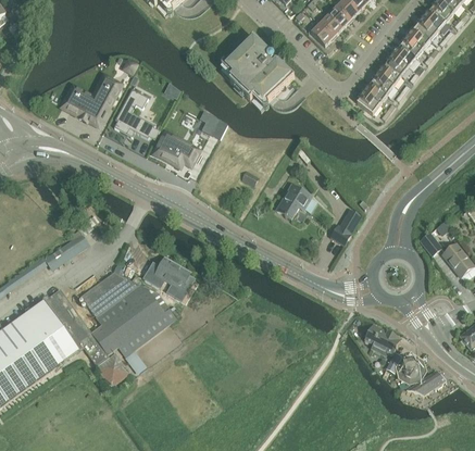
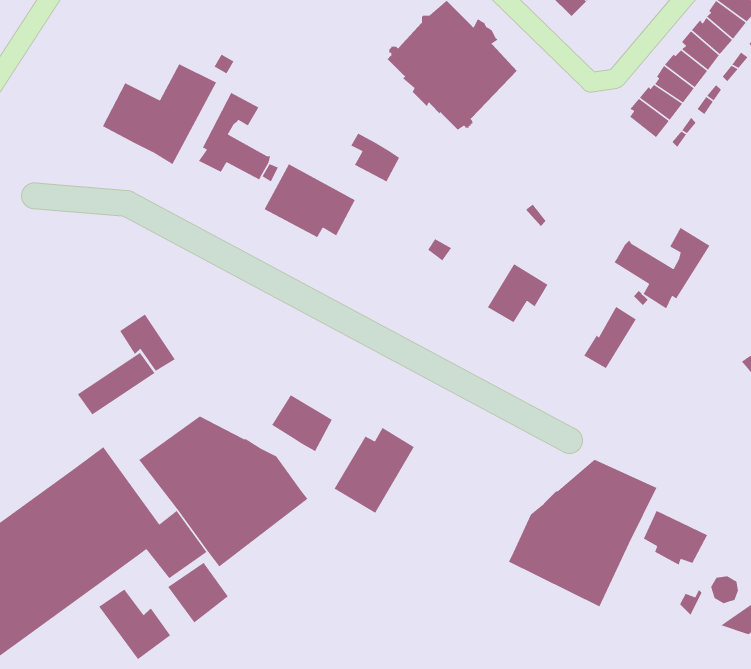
building: none -> [614,227,711,310]
building: none -> [119,314,176,372]
building: none -> [333,427,415,514]
building: none -> [507,459,657,607]
building: none -> [98,588,171,660]

